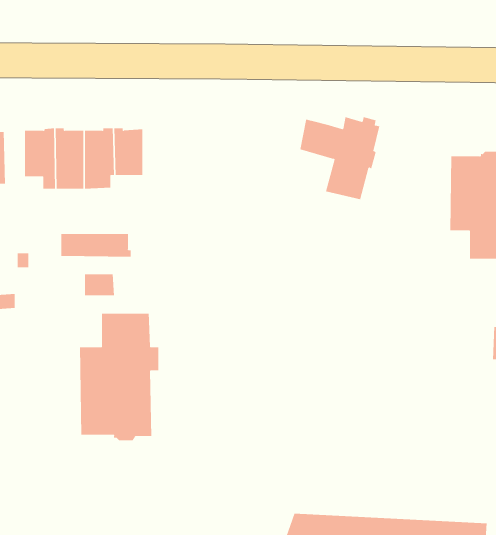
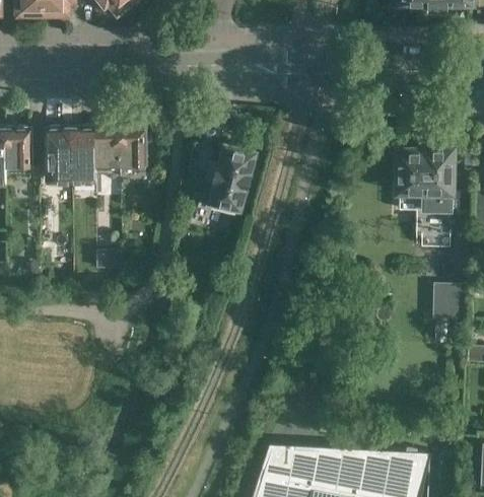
building: [299,116,380,200] -> [187,145,254,214]
building: [61,233,131,257] -> none
building: [79,313,159,441] -> none

